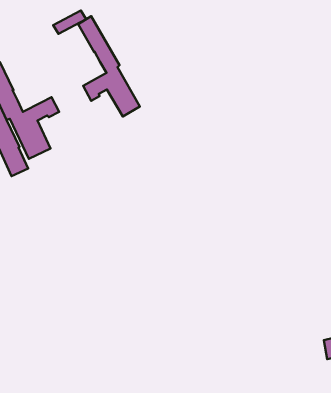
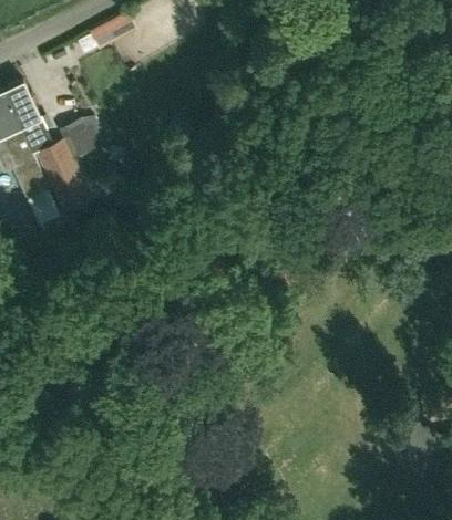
building: [78,16,140,117] -> none

